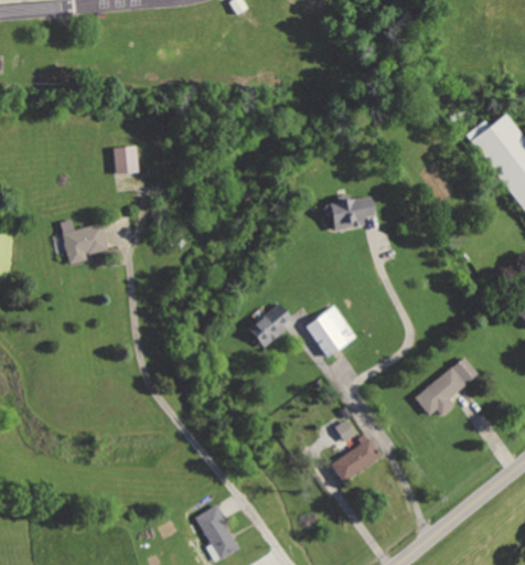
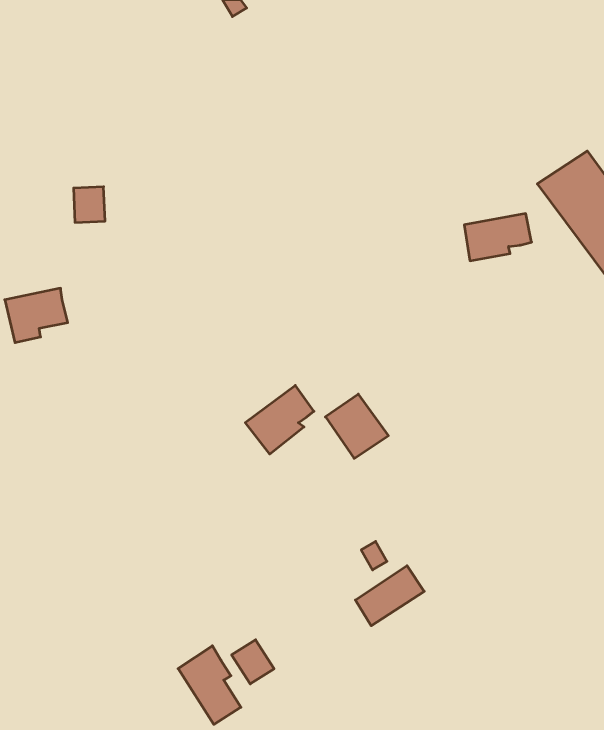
building: [328,193,379,230] -> [464,214,532,261]
building: [411,355,480,418] -> none
building: none -> [232,640,274,684]

